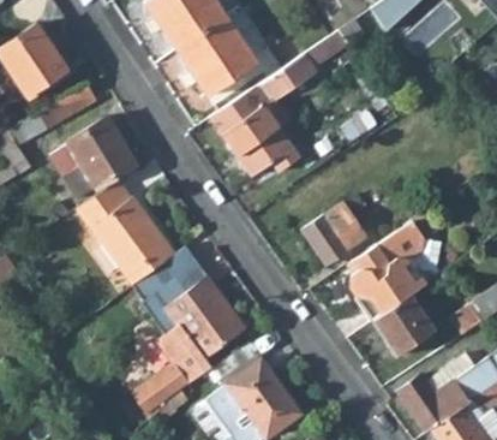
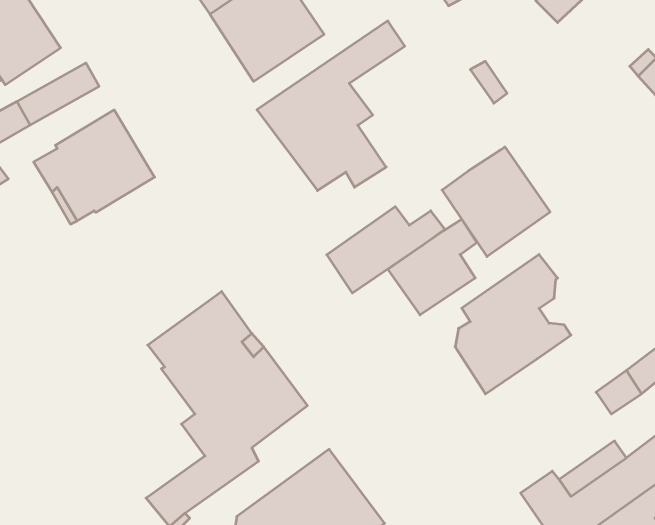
building: none -> [442,147,550,257]
building: [77,180,175,285] -> none
building: none -> [327,207,445,293]
building: [373,295,435,356] -> none

